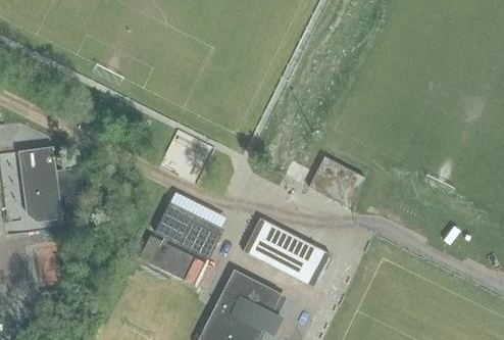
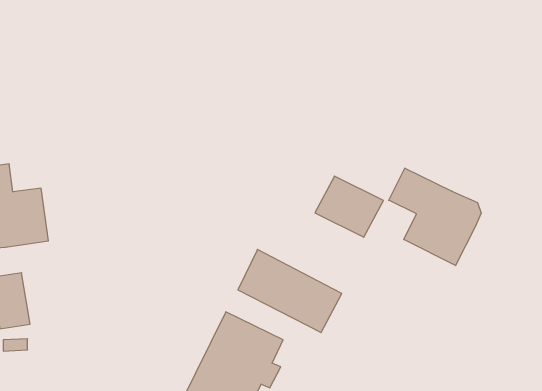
building: none -> [389,168,481,266]
building: [139,203,222,280] -> none

